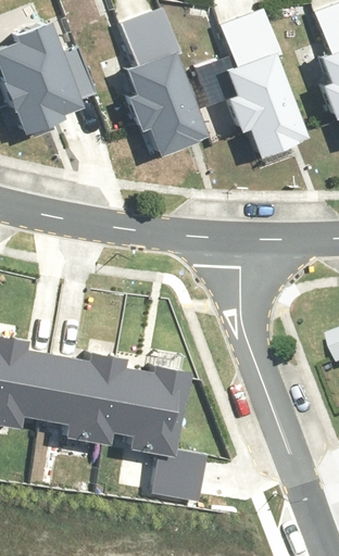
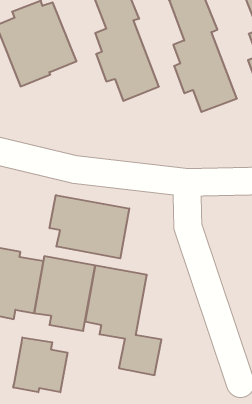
building: none -> [50,195,129,258]
building: none -> [13,337,68,392]

